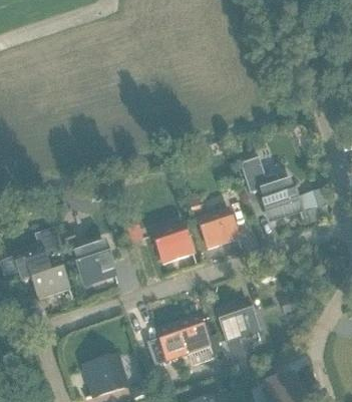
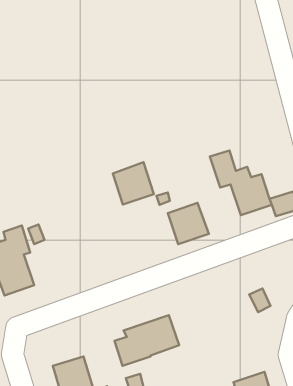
building: [152,223,193,264] -> [113,162,154,205]
building: [74,243,114,283] -> none
building: [217,300,257,339] -> none

